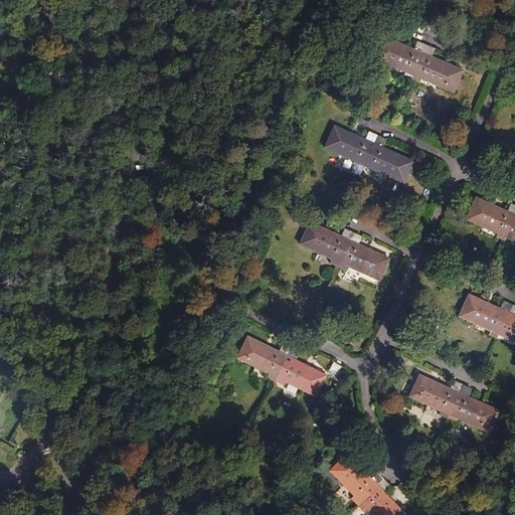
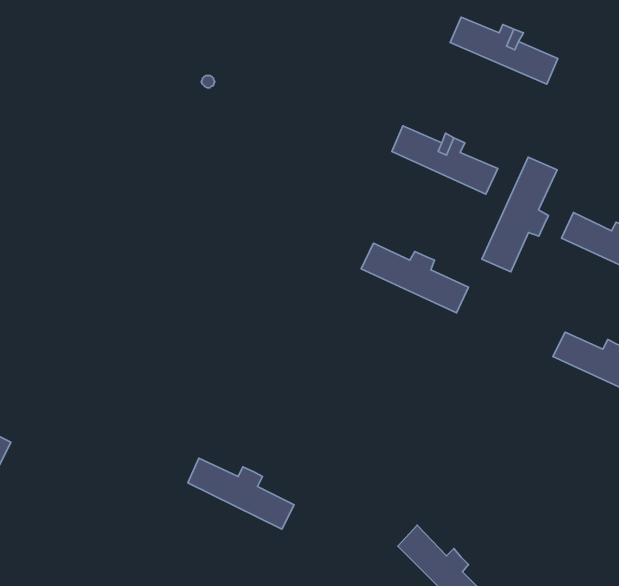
building: none -> [482,157,557,272]
building: [238,338,326,396] -> [188,458,294,529]
building: [409,376,499,433] -> none

